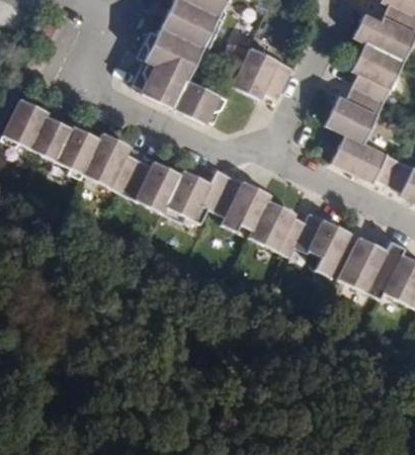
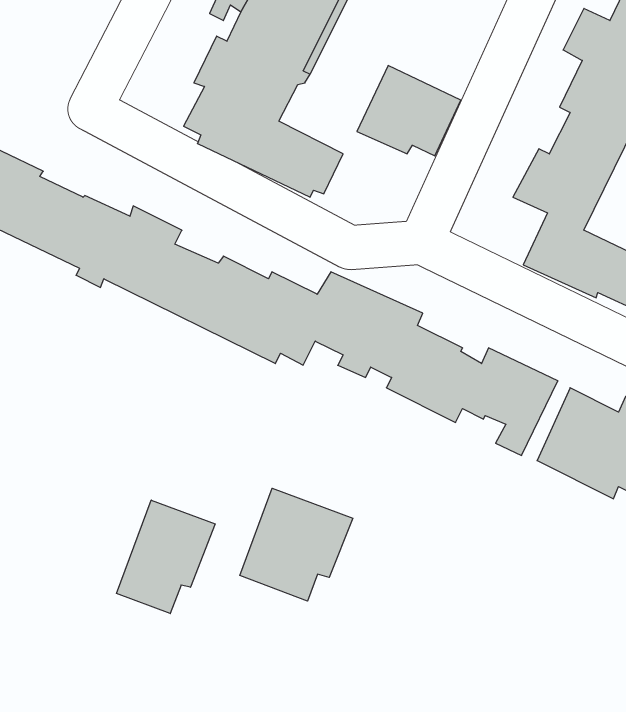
building: none -> [240,488,353,601]
building: none -> [117,500,215,614]

